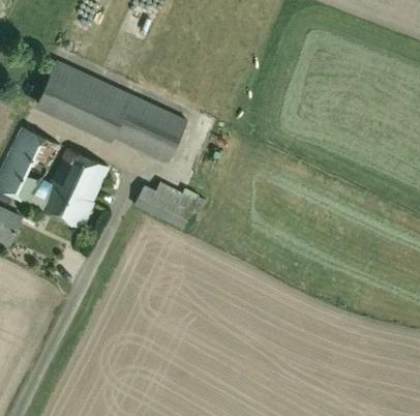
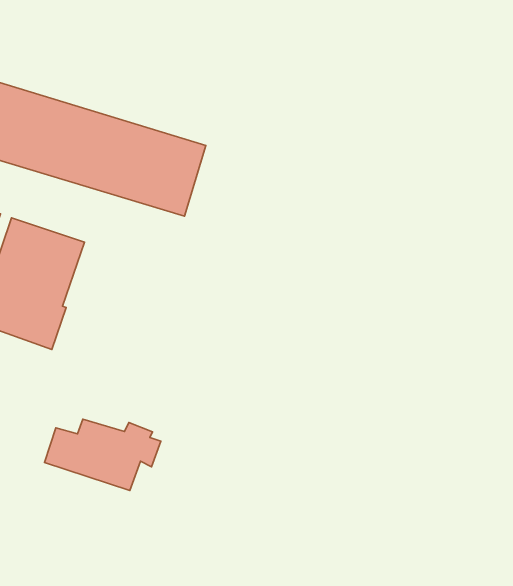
building: [134,182,205,228] -> [44,419,161,491]

